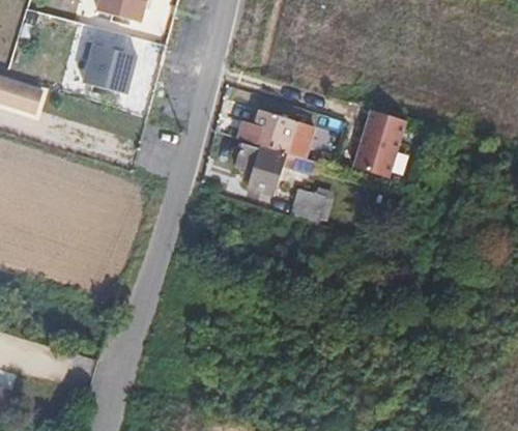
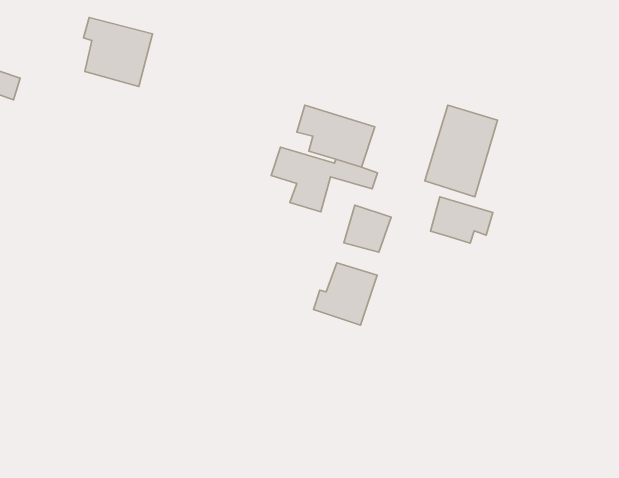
building: none -> [430,197,493,243]
building: none -> [314,263,377,325]

